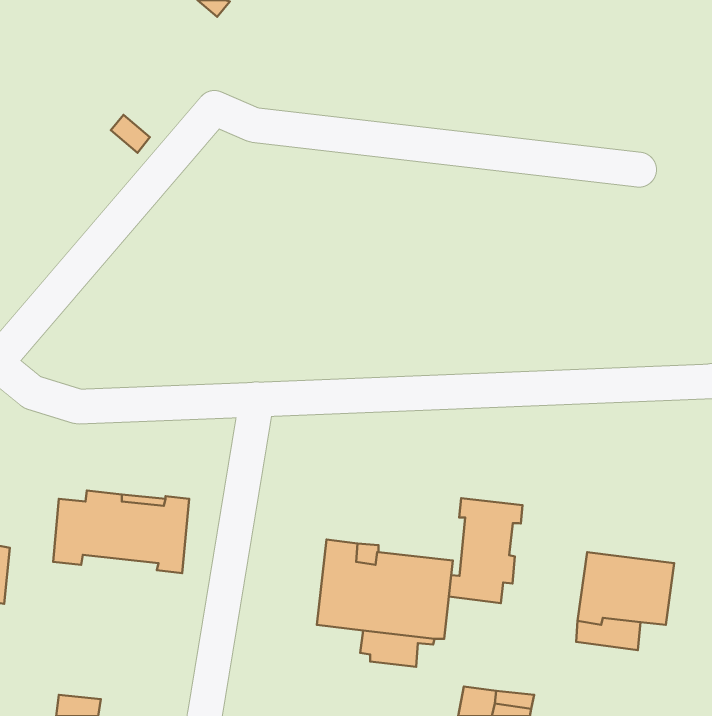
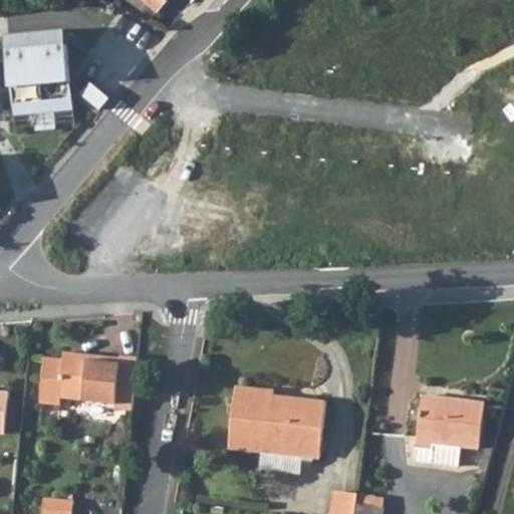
building: none -> [4,30,71,131]
building: [449,498,523,603] -> none

